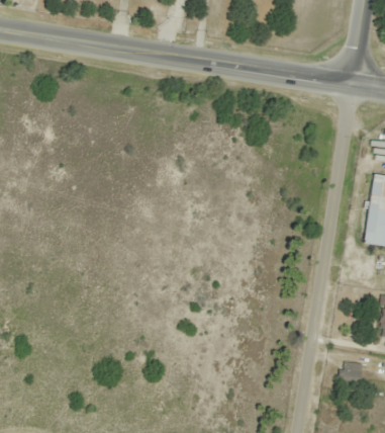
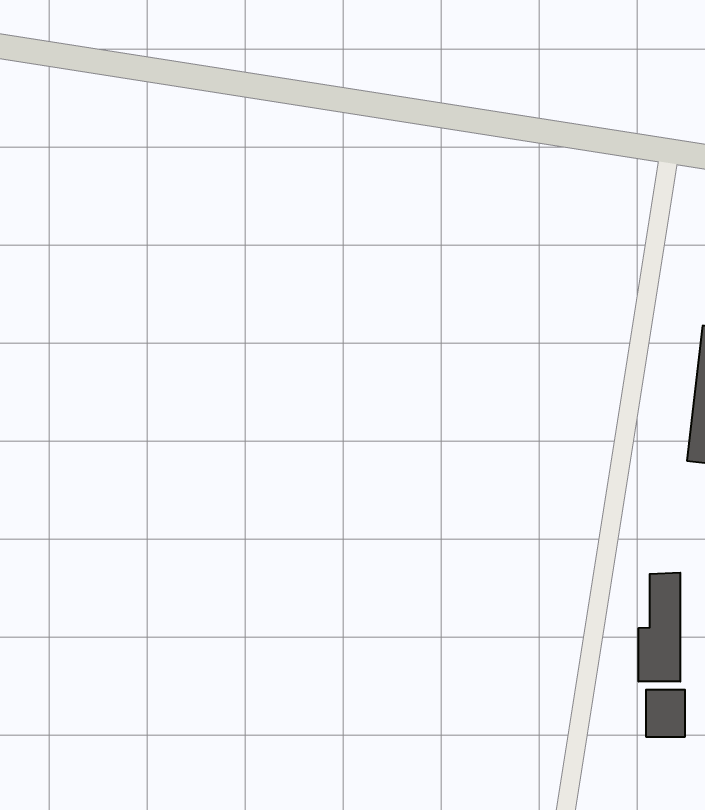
building: none -> [639,573,680,682]

